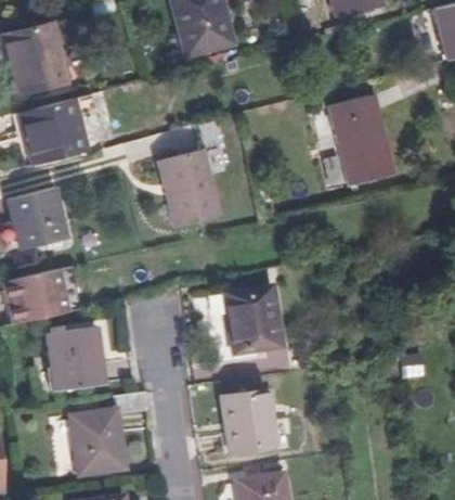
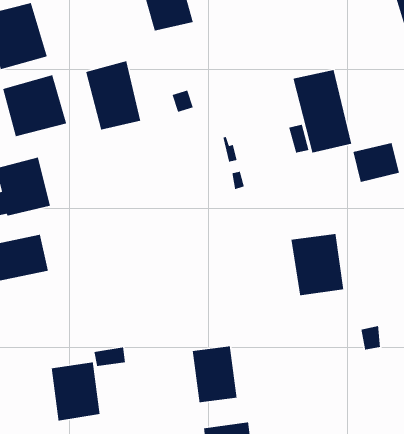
building: [161,150,221,225] -> [85,60,141,130]
building: none -> [353,142,400,183]
building: [226,285,284,352] -> [290,233,344,296]
building: [53,320,106,389] -> none

